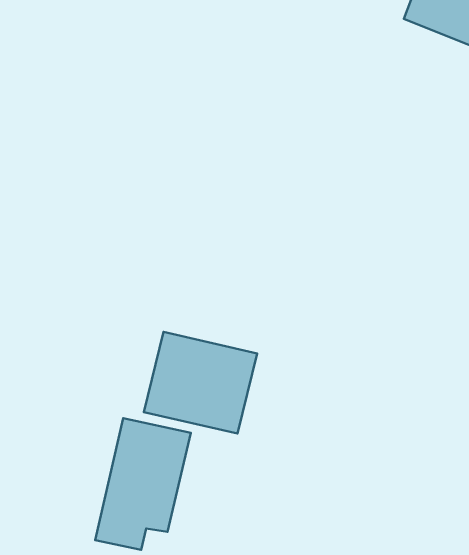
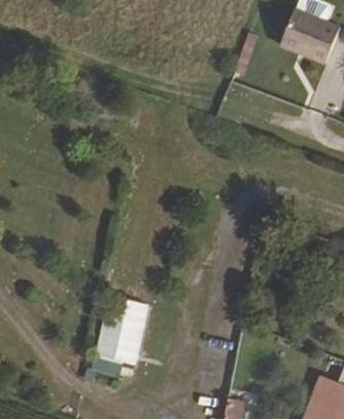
building: [144,332,257,434] -> none

